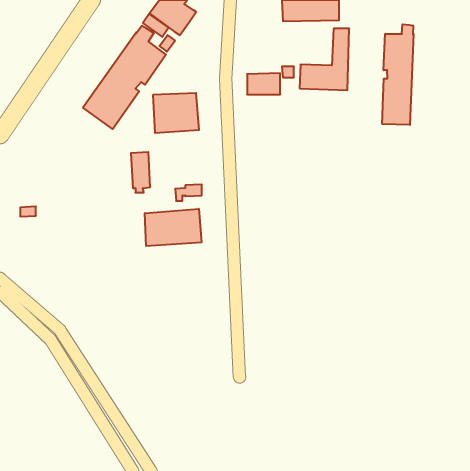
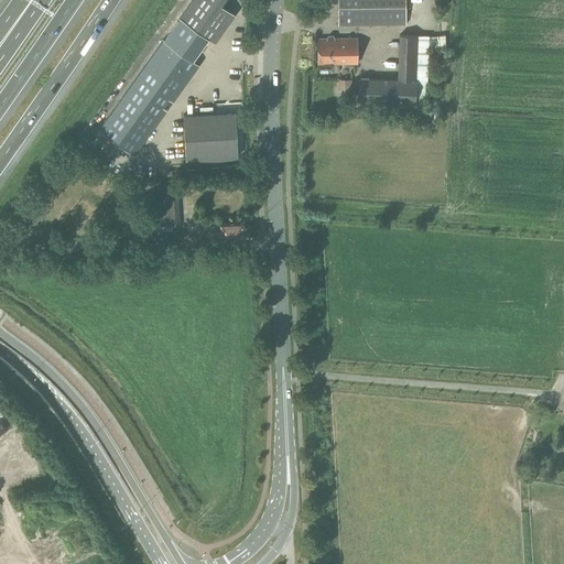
building: [382,24,413,125] -> none
building: [247,73,280,94] -> [318,37,358,63]
building: [145,209,201,246] -> none

